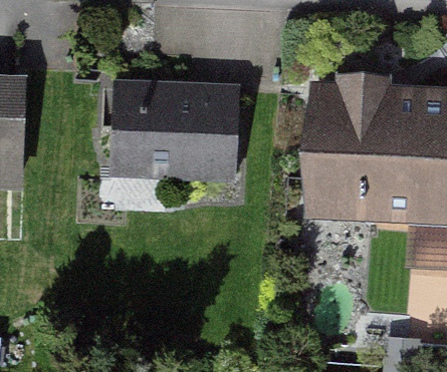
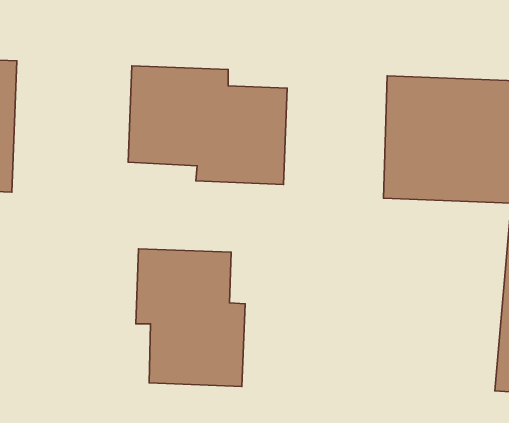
building: none -> [136,249,245,387]

